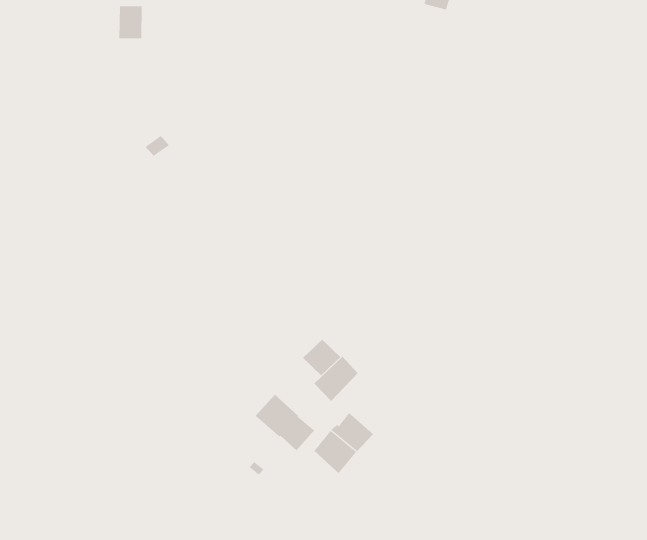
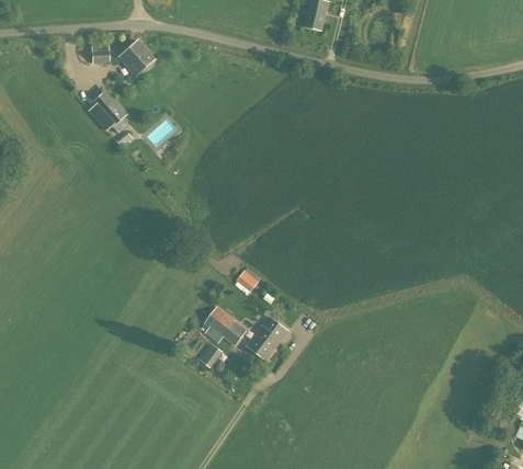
building: none -> [117,41,152,76]
building: none -> [94,96,124,127]
building: [314,356,359,402] -> none

